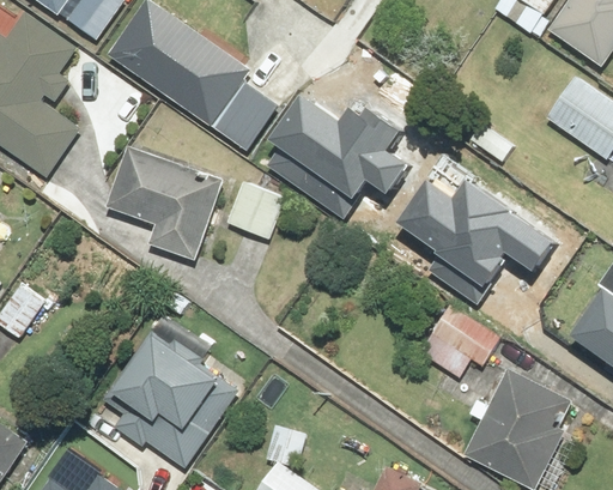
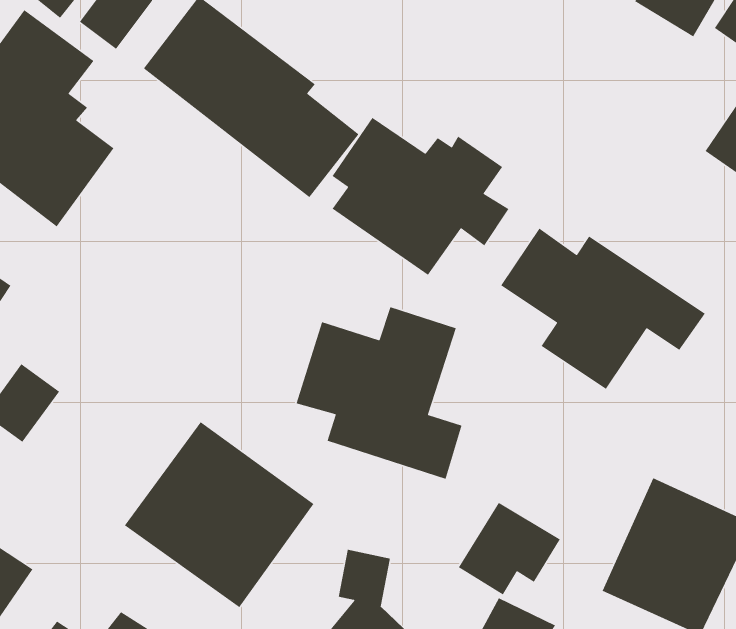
building: [109,144,230,264] -> none
building: [225,177,286,238] -> none
building: none -> [295,306,462,480]
building: [423,307,502,379] -> [458,502,561,595]

